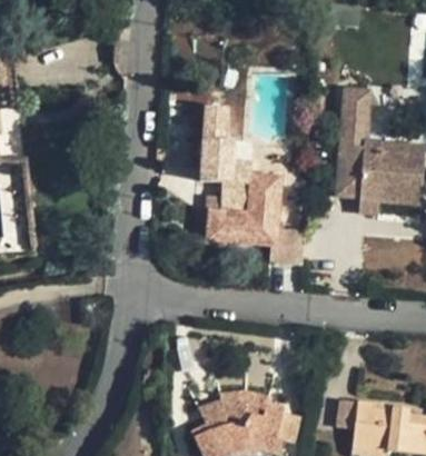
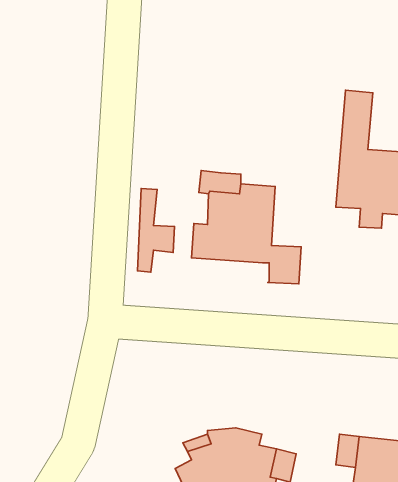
building: [200,105,234,180] -> [137,188,174,272]

